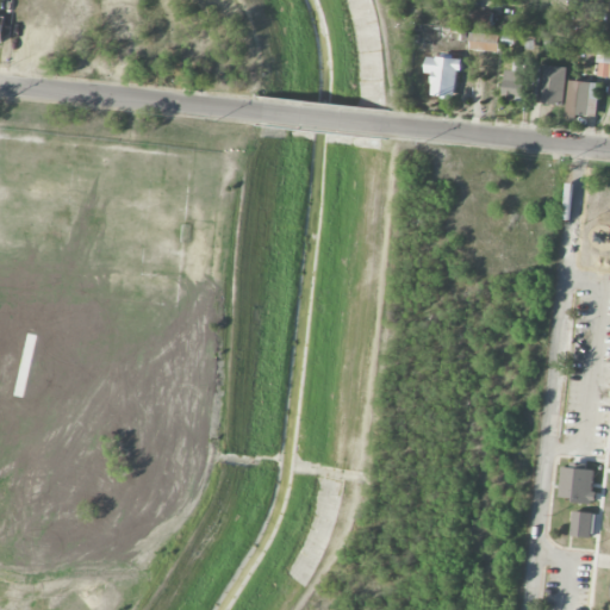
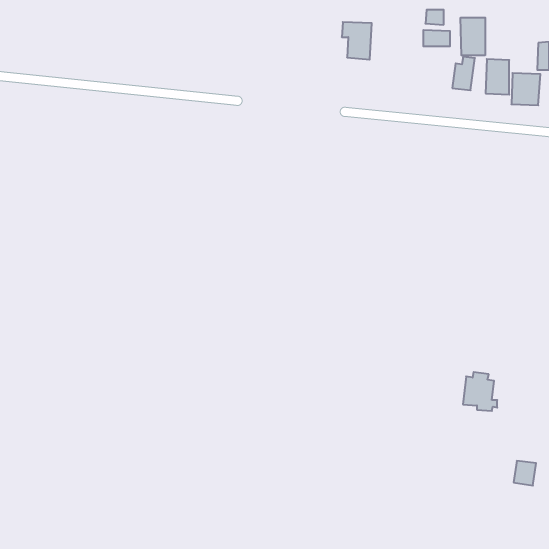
building: none -> [461,18,485,55]
building: [425,57,459,99] -> [342,22,372,60]
building: [559,461,597,504] -> [463,372,497,411]

